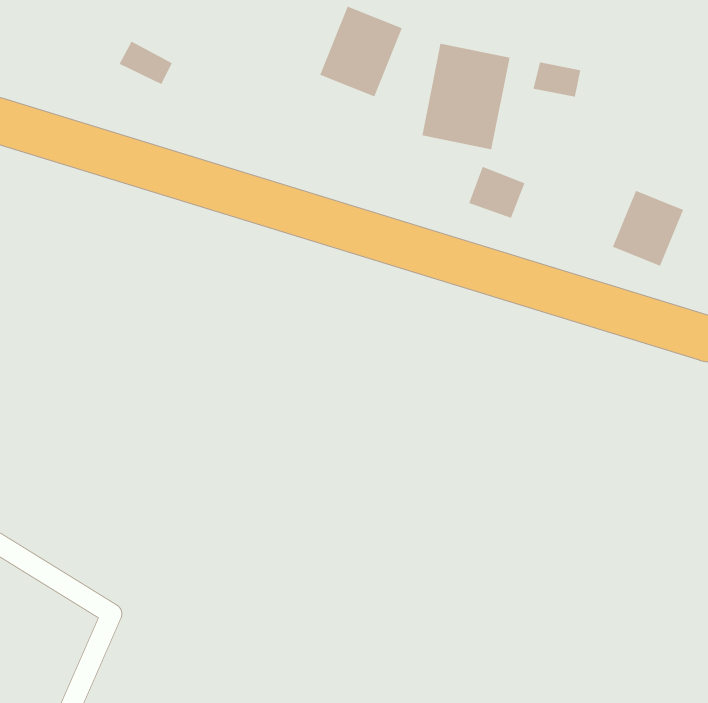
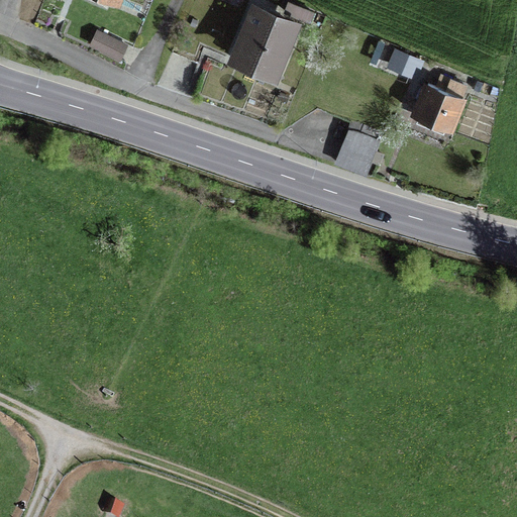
building: [421,43,510,150] -> none
building: [612,190,684,267] -> [414,77,467,132]

